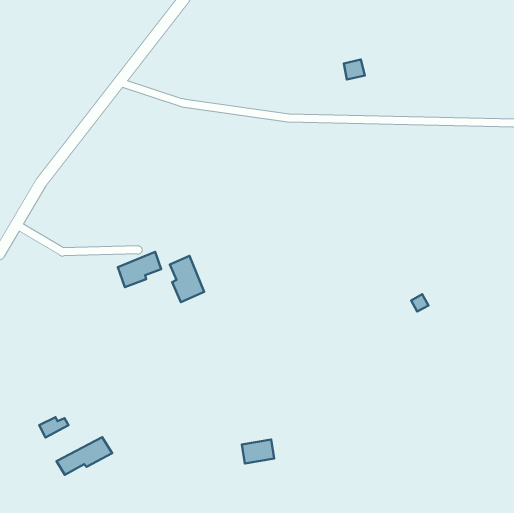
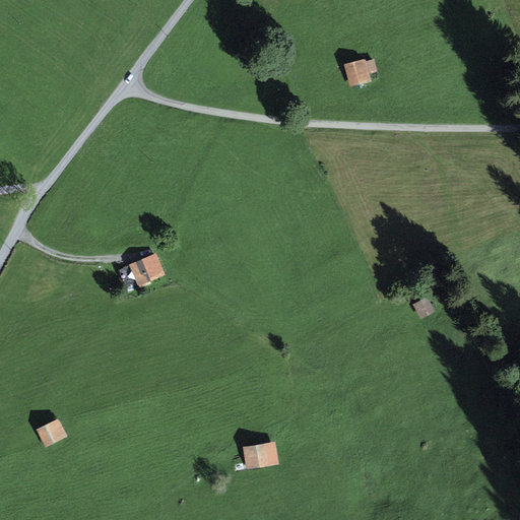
building: [170,256,204,302] -> none
building: [57,437,112,475] -> none

